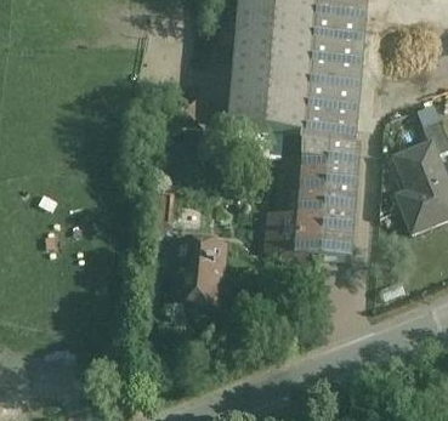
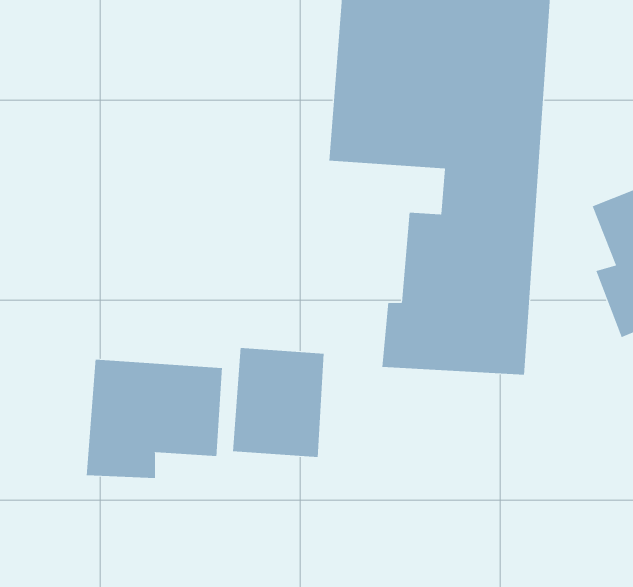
building: none -> [86,359,222,479]

